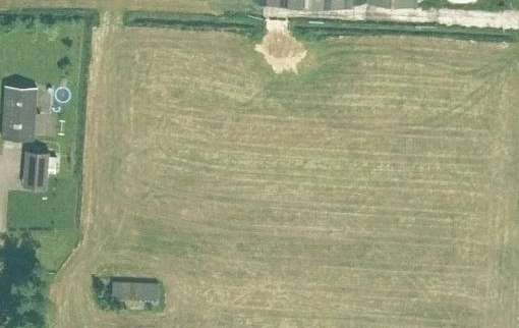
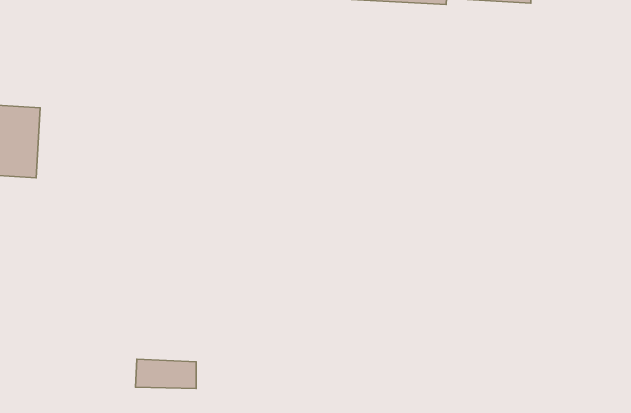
building: [23,149,50,187] -> none

